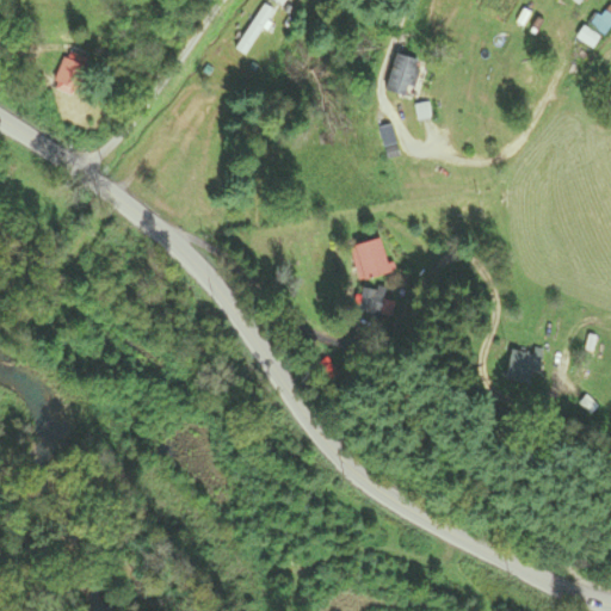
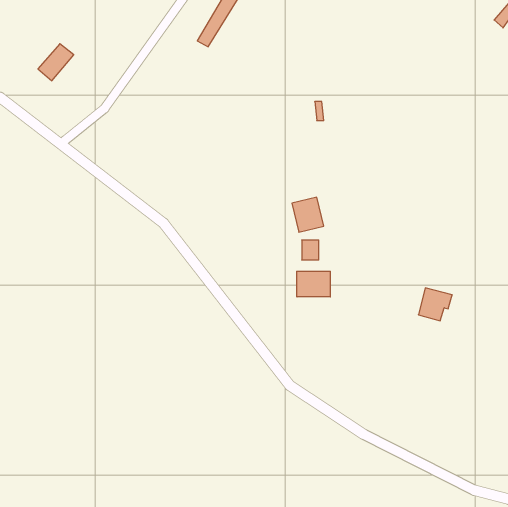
building: [384,54,422,98] -> none
building: none -> [297,271,330,297]

